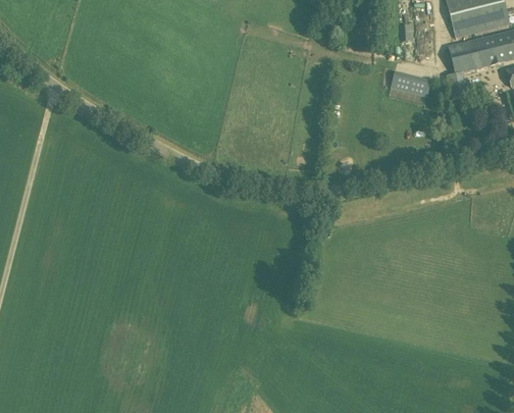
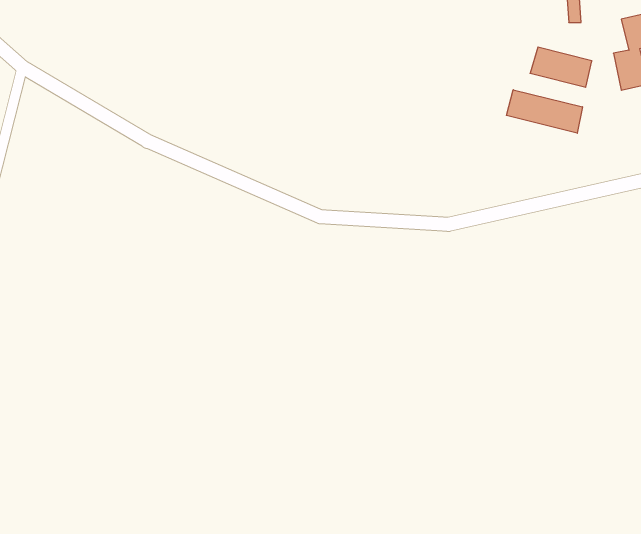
building: none -> [506,90,582,133]

